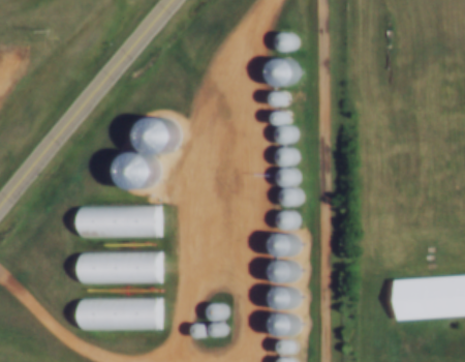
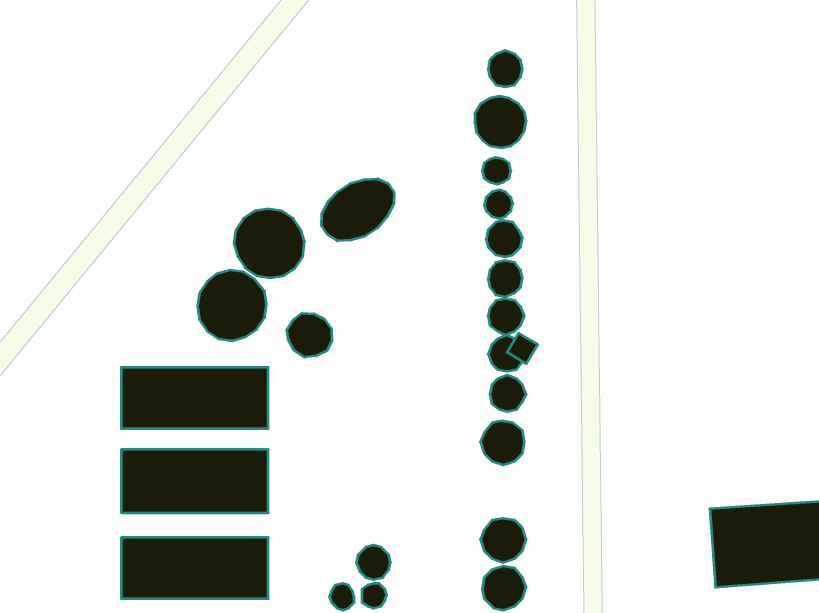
building: none -> [321,179,394,241]
building: none -> [287,313,332,357]
building: [272,259,296,282] -> none

